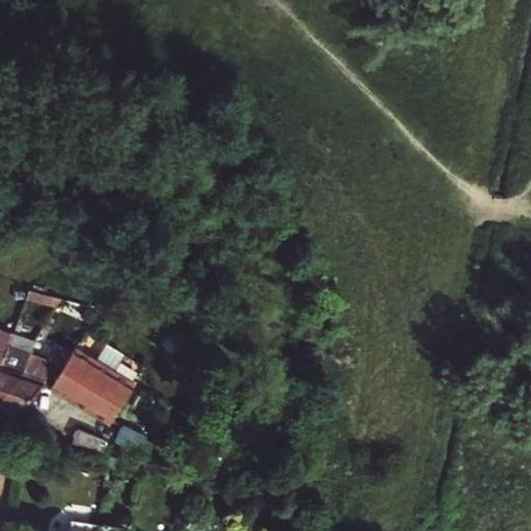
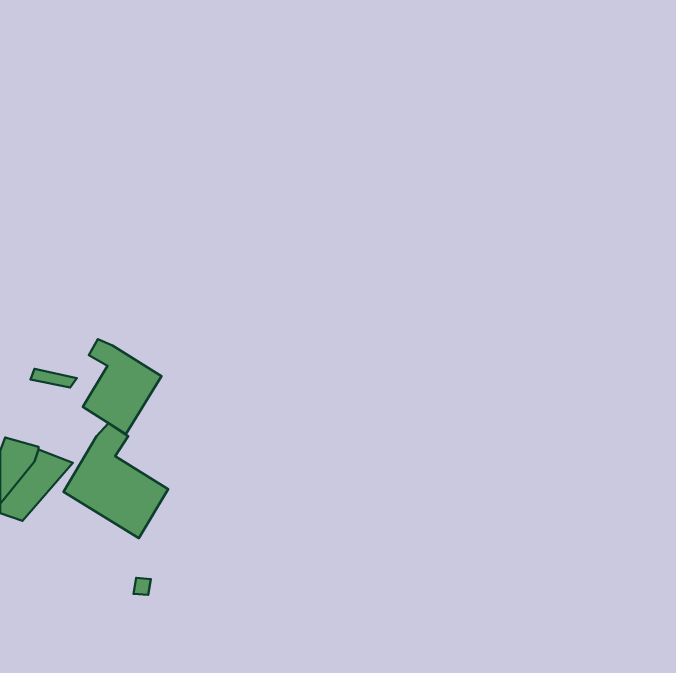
building: none -> [83,339,161,434]

